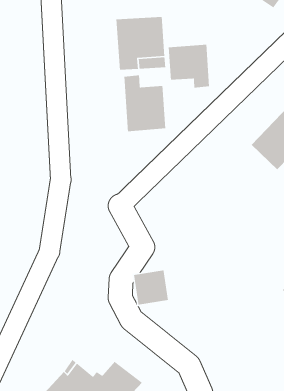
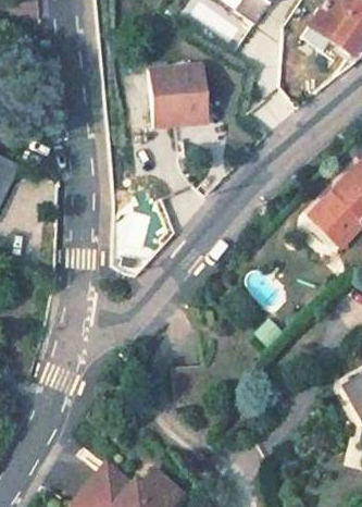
building: [168,44,210,88] -> none
building: [124,75,166,132] -> none

